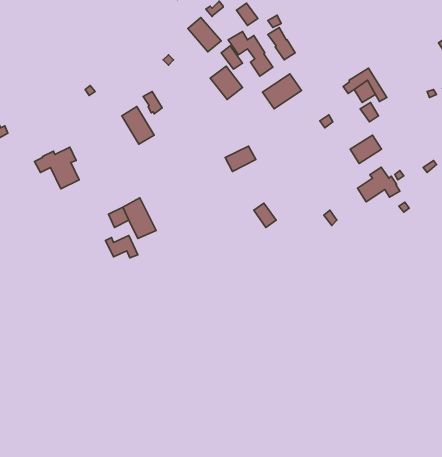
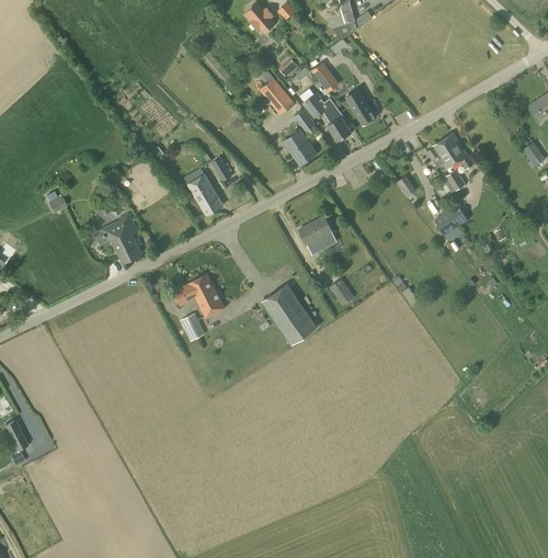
building: [263,74,301,109] -> none
building: [357,167,400,202] -> none
building: none -> [262,284,317,344]

